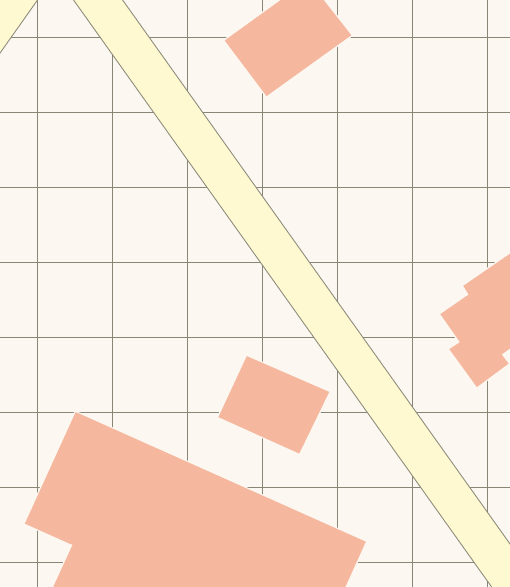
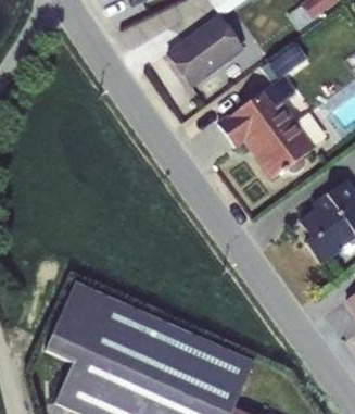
building: none -> [216,42,316,179]
building: [217,355,330,454] -> none

